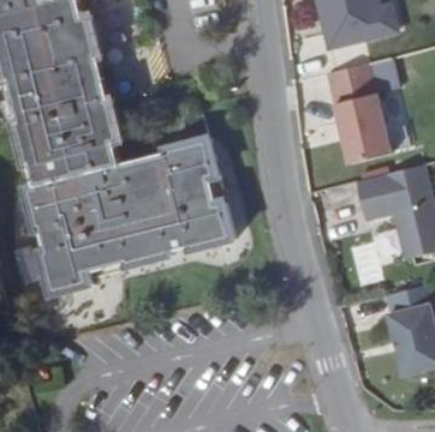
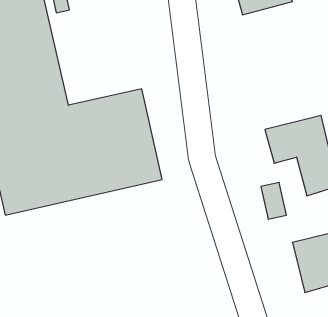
building: [328,71,393,164] -> none

